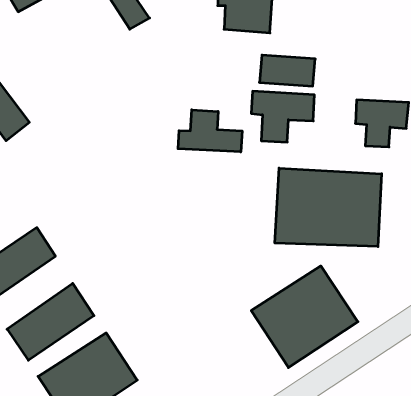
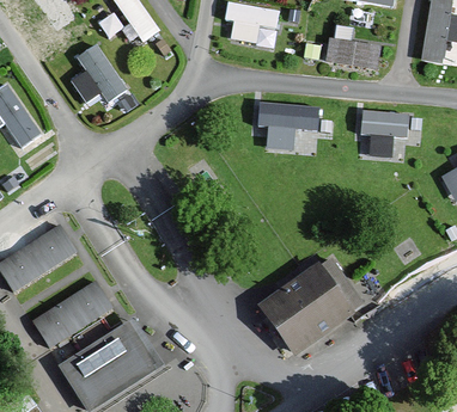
building: none -> [71,41,124,110]
building: [259,55,315,86] -> [327,37,380,67]
building: [178,110,242,152] -> none
building: [275,168,382,247] -> none

